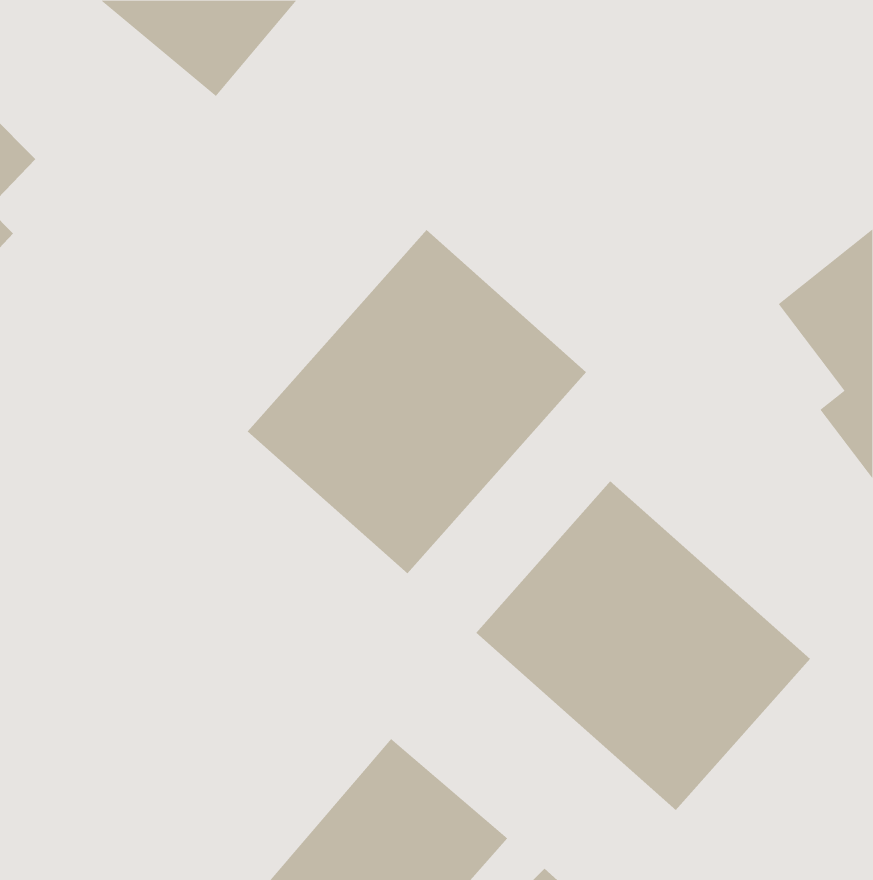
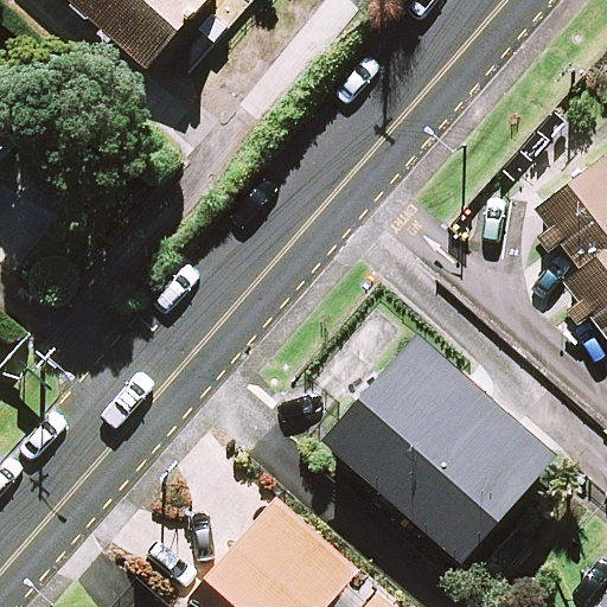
building: [247,229,587,574] -> none

